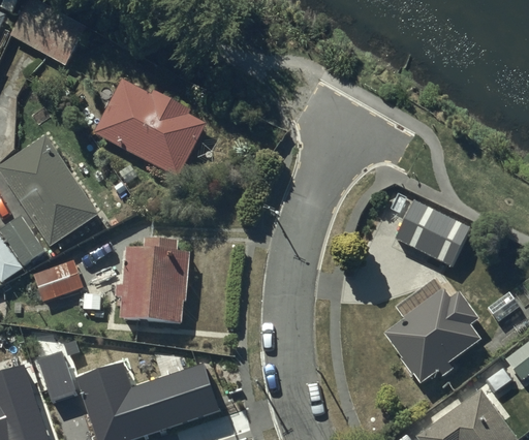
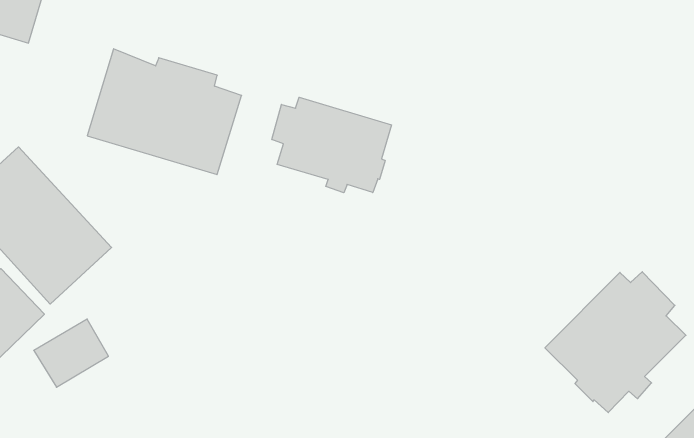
building: none -> [272,97,392,193]
building: [391,198,471,264] -> none
building: [113,239,186,327] -> none

